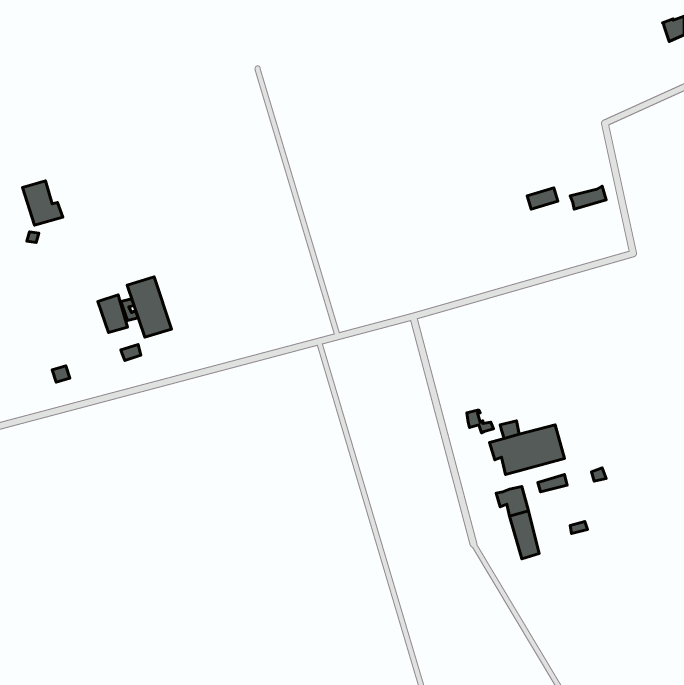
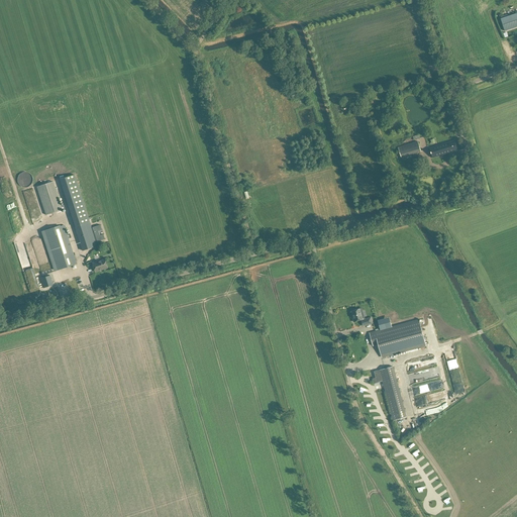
building: [23,181,63,225] -> [35,182,66,215]
building: [127,277,172,337] -> [42,225,76,271]

